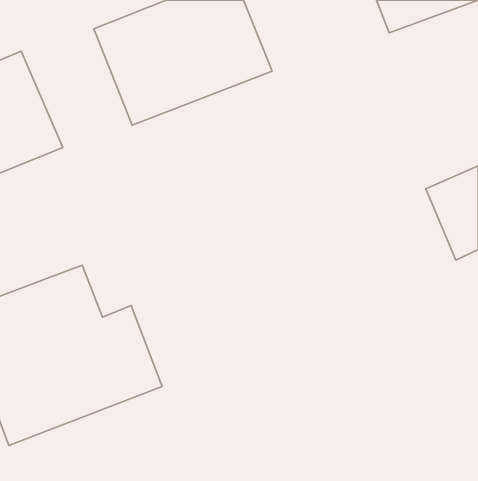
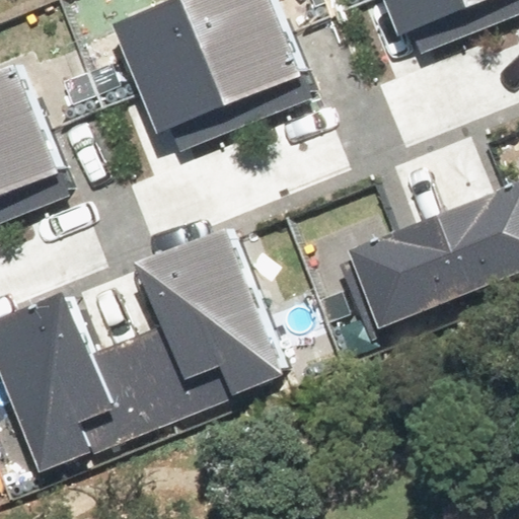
building: none -> [355,211,478,324]
building: none -> [157,234,301,400]

